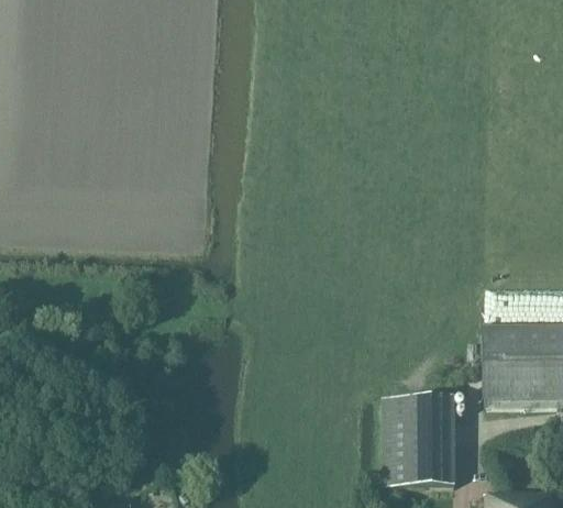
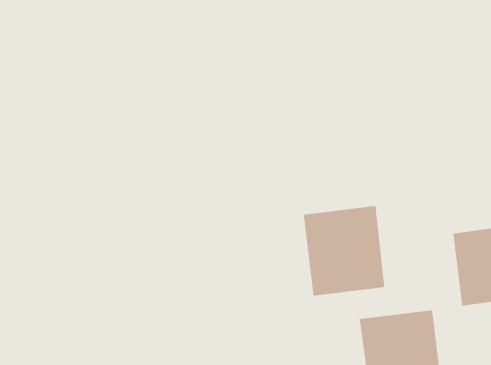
building: none -> [303,205,385,296]

